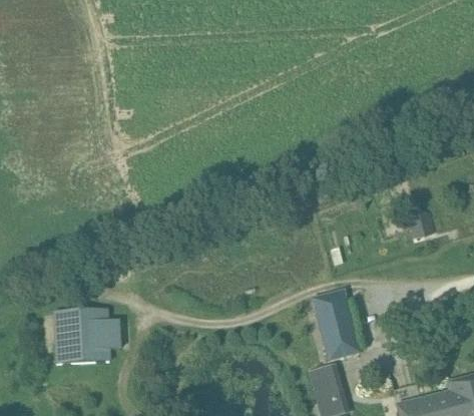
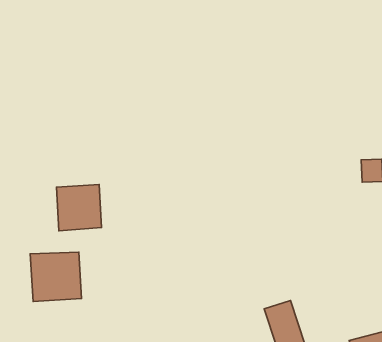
building: none -> [56,185,102,231]
building: [313,292,359,361] -> none

